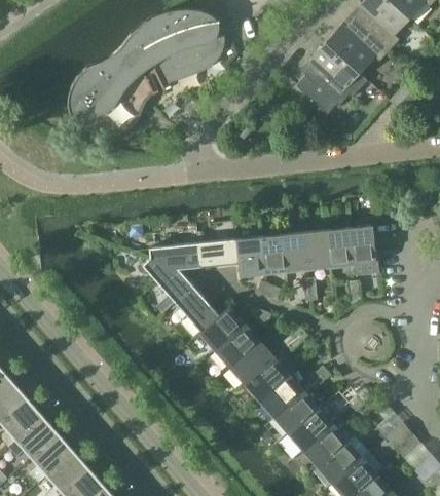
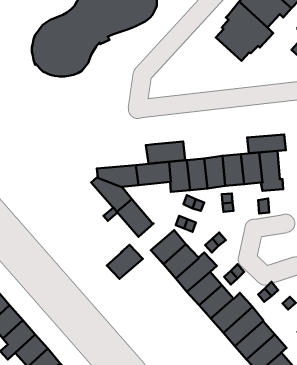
building: none -> [247,134,286,153]
building: none -> [146,141,185,164]
building: [200,306,245,348] -> [107,245,143,279]

